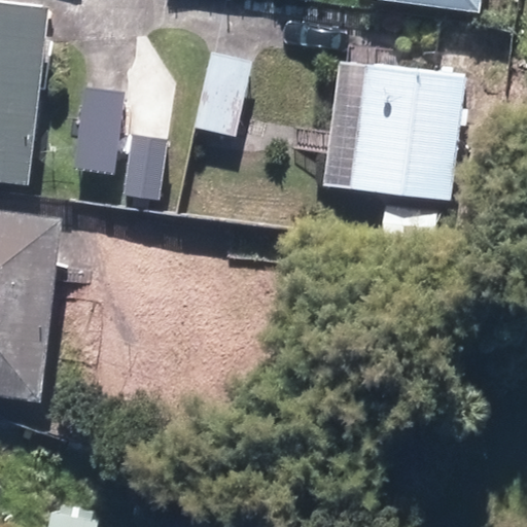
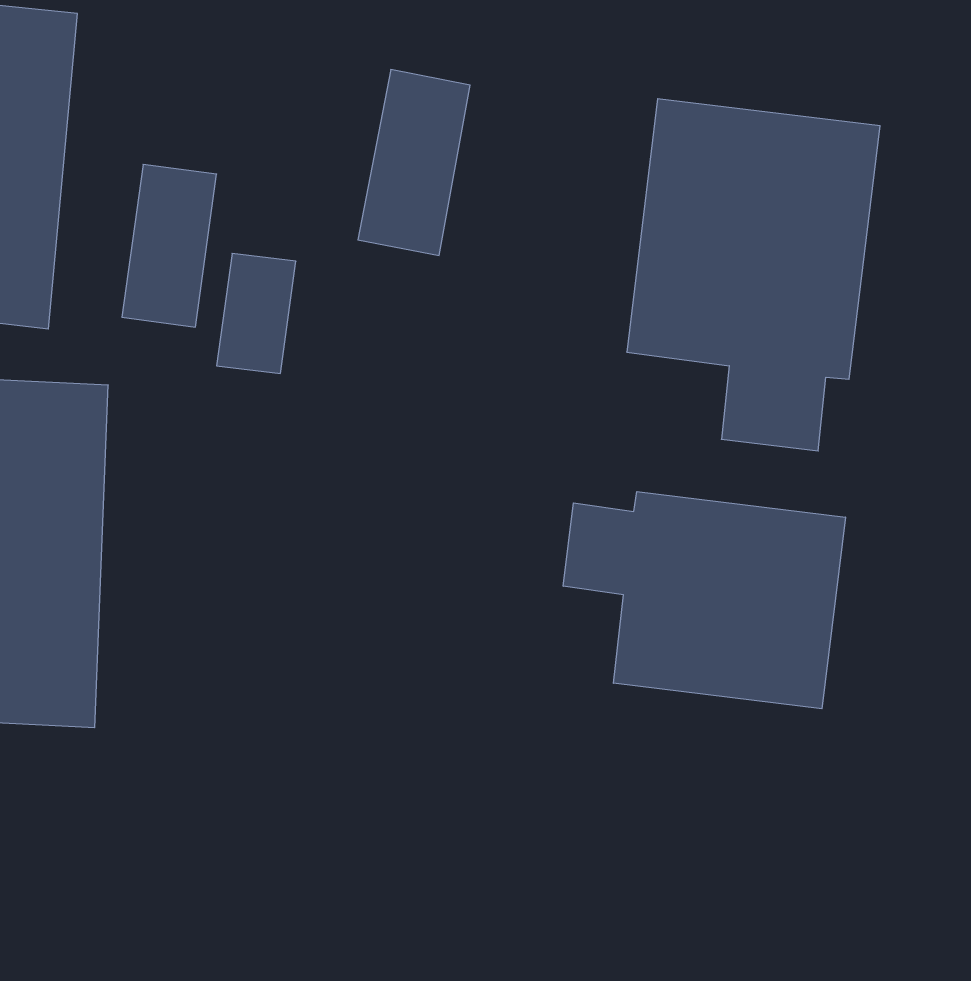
building: none -> [563,492,845,709]

